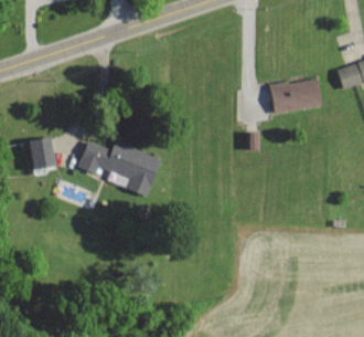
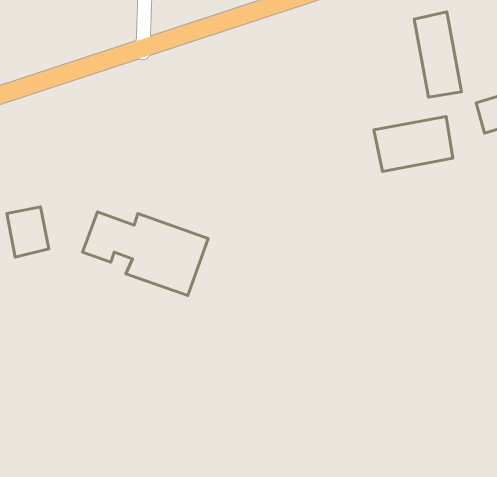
building: none -> [414,12,462,97]

